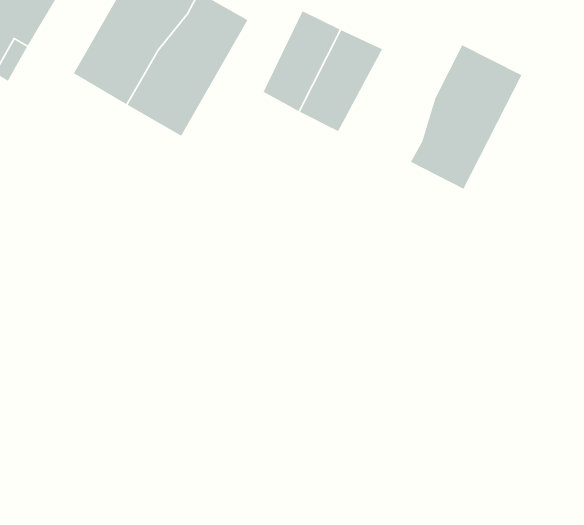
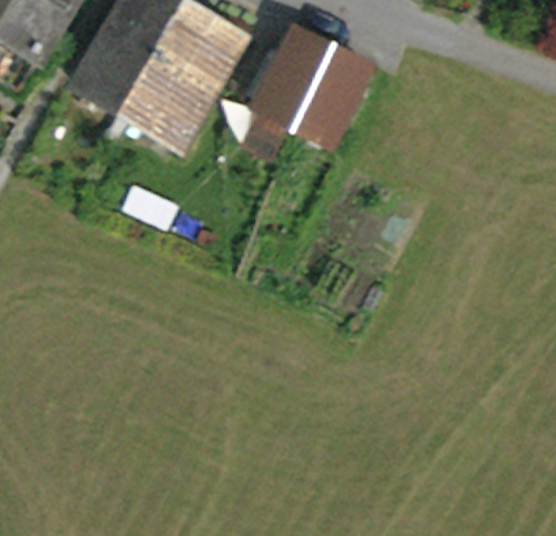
building: [410,44,523,190] -> none

